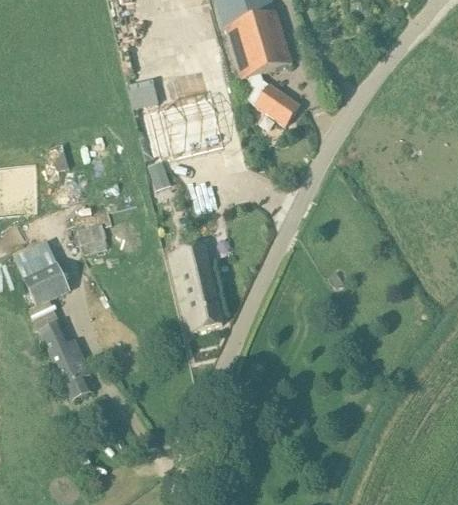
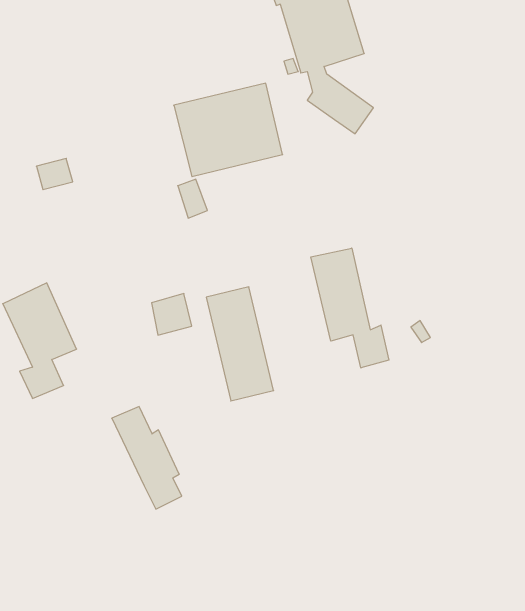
building: none -> [311,248,389,368]
building: [75,222,106,254] -> [152,294,192,335]
building: [37,321,91,400] -> [112,407,182,509]

